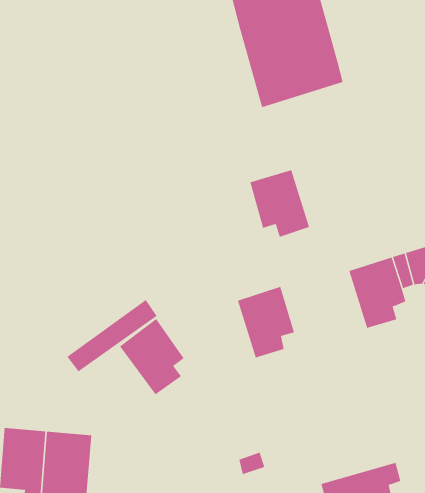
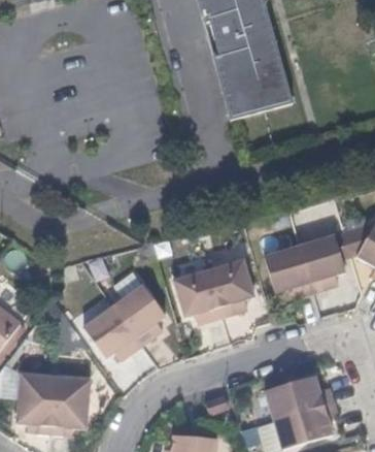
building: [250,169,310,237] -> [264,246,312,300]
building: none -> [172,269,223,324]
building: none -> [83,306,142,361]
building: none -> [268,374,336,417]

